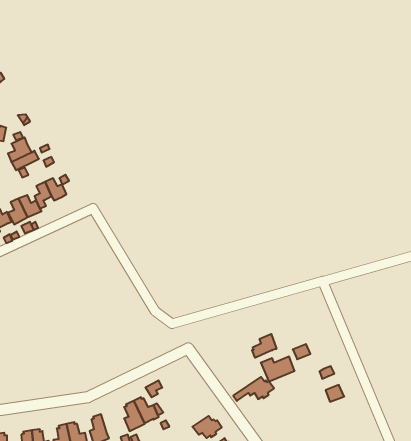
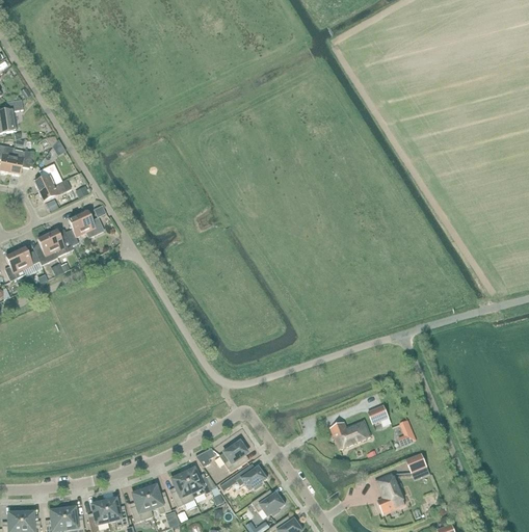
building: [252,334,276,358] -> none
building: none -> [218,440,248,472]
building: [233,377,274,401] -> [219,463,267,491]
building: none -> [376,474,404,513]
building: none -> [143,484,170,513]

